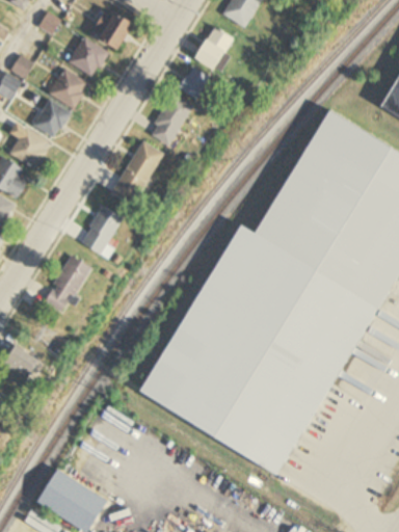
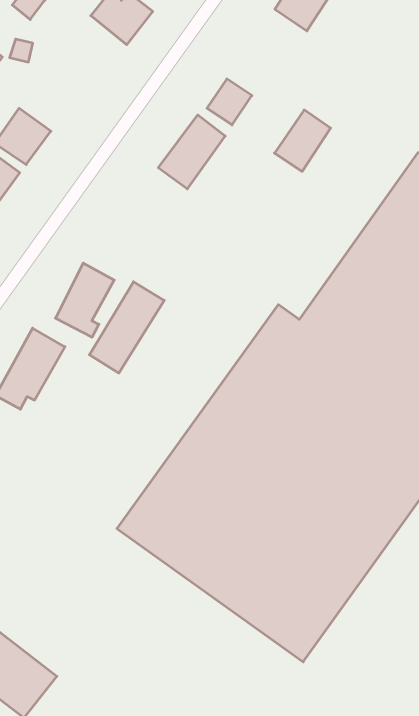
building: [196,26,235,70] -> [274,110,331,171]
building: [68,36,109,78] -> none
building: [48,69,88,109] -> none
building: [113,141,163,207] -> [89,282,164,373]

